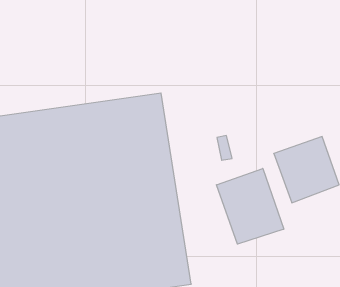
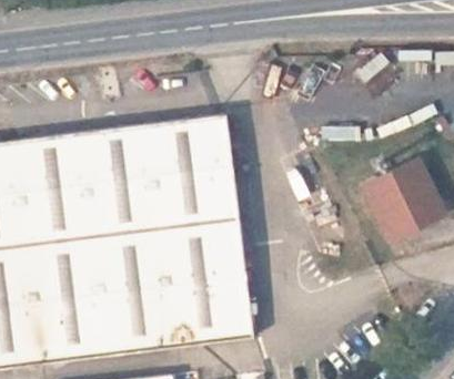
building: [216,168,284,244] -> none

